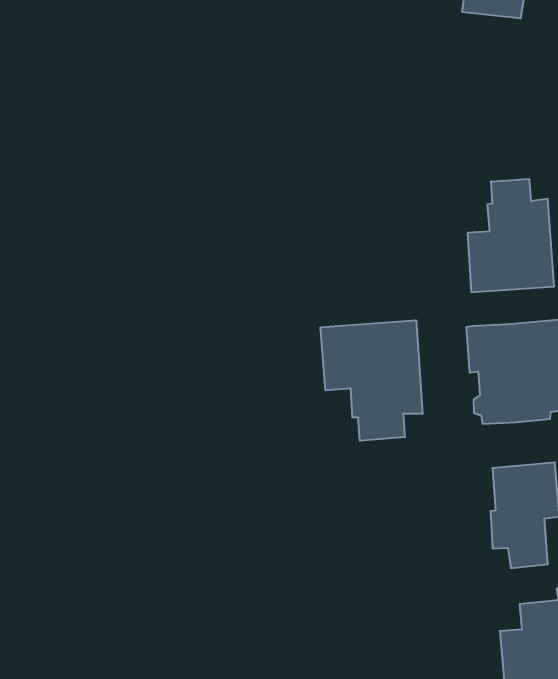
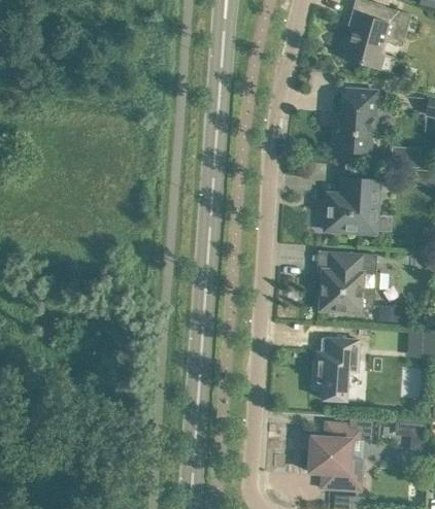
building: none -> [333,90,376,154]
building: [321,320,423,441] -> none

